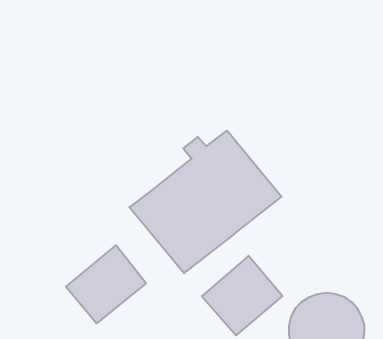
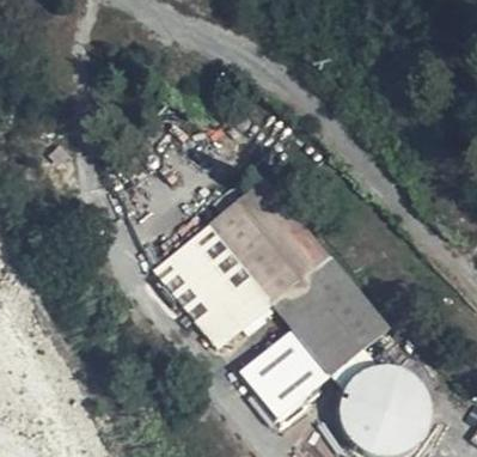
building: none -> [275,258,390,373]
building: [66,245,146,323] -> none

